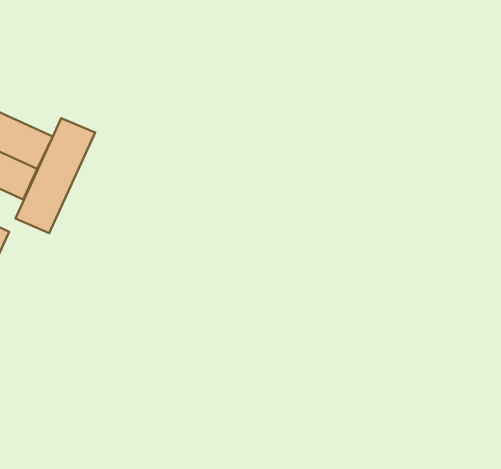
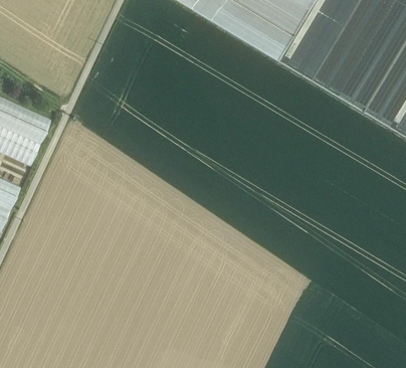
building: [15,118,95,233] -> none

